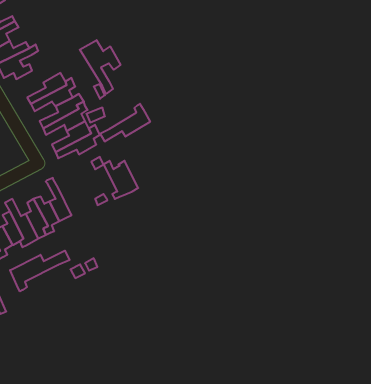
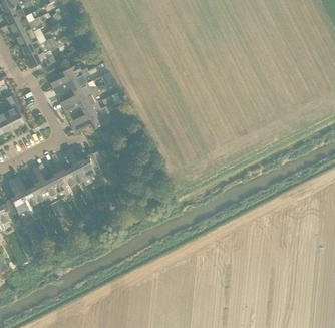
building: [80,40,120,94] -> none
building: [100,104,150,142] -> none
building: [104,161,138,199] -> [74,153,102,185]
building: [10,251,70,291] -> none

